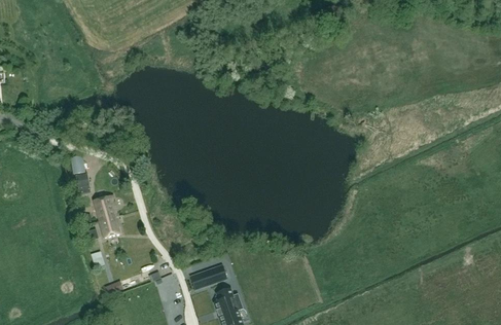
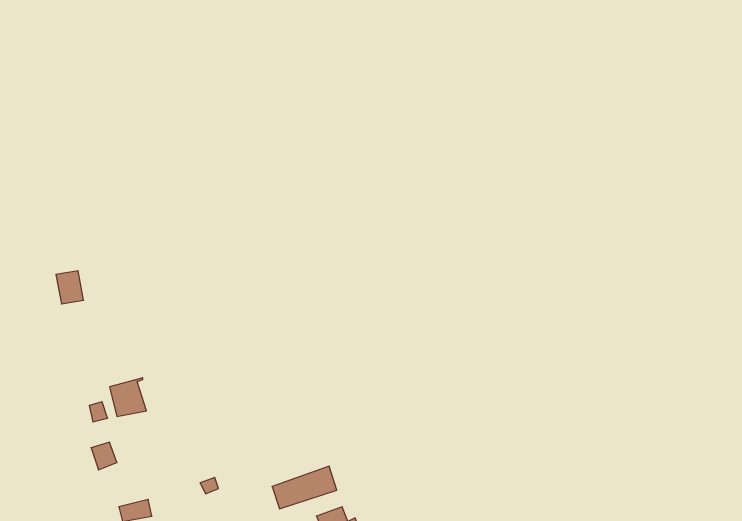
building: [94,194,118,220] -> none

